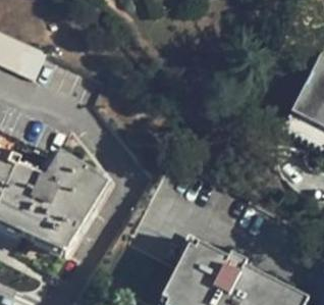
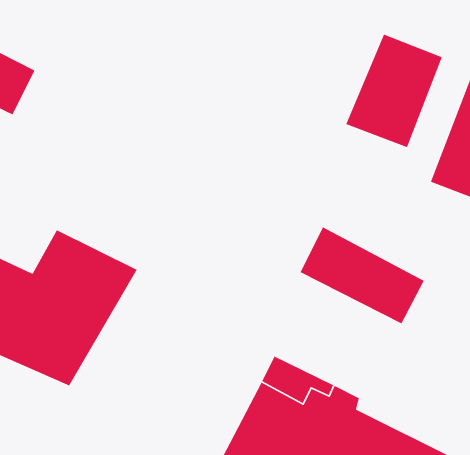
building: none -> [345,33,443,148]
building: none -> [300,226,425,324]

